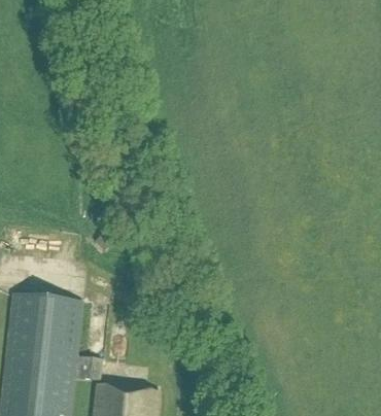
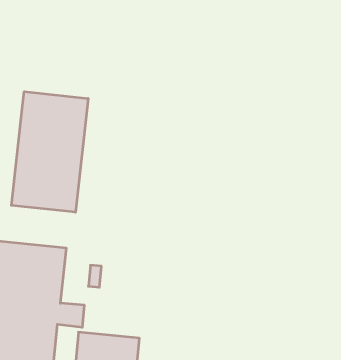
building: none -> [11,92,88,212]

